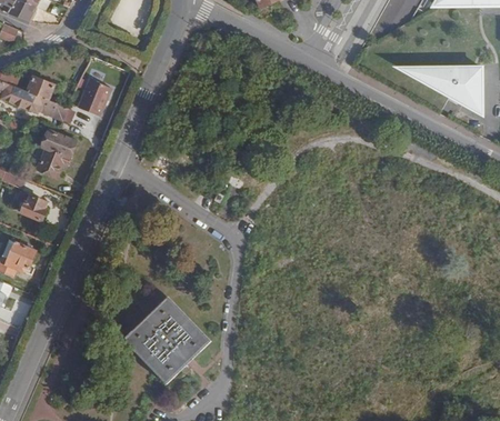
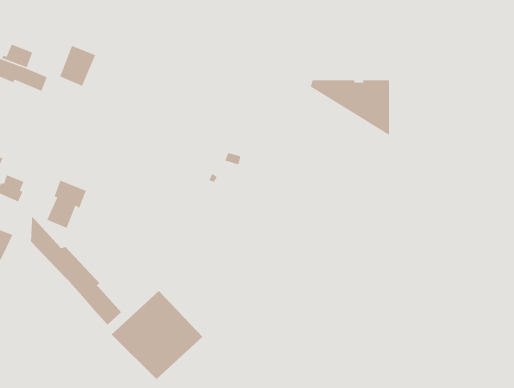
building: [409,67,481,118] -> [310,80,390,136]
building: [37,130,73,174] -> [46,179,87,229]
building: none -> [30,215,122,325]

